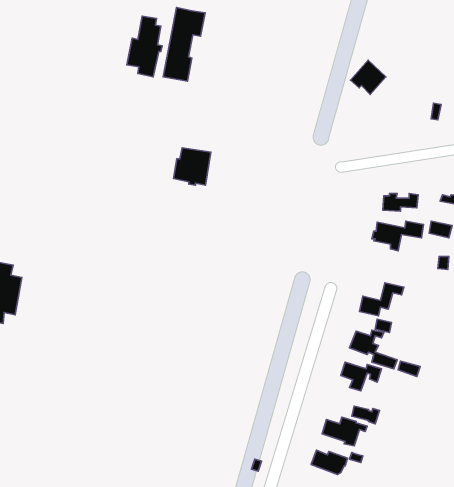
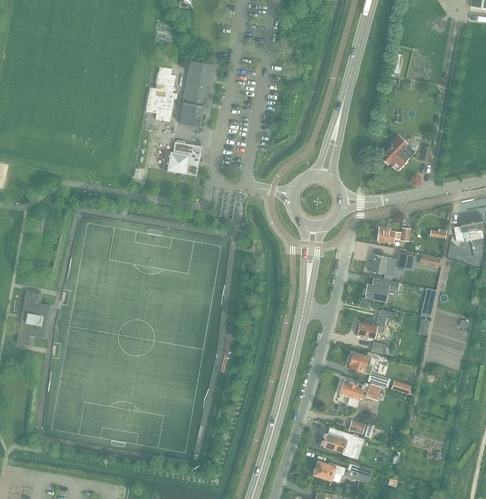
building: [350,60,386,94] -> [379,139,411,170]
building: [173,148,211,185] -> [165,140,199,174]
building: none -> [363,280,399,302]

